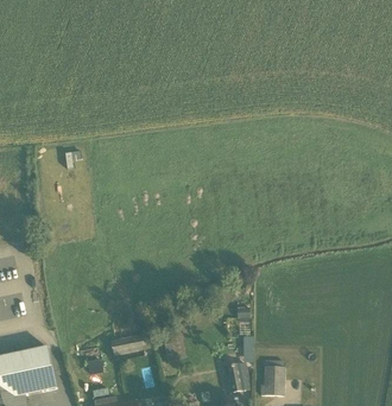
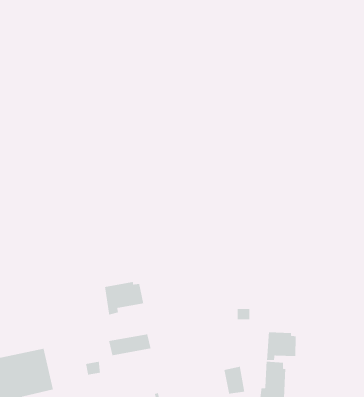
building: none -> [104,281,144,316]
building: none -> [266,332,296,361]

